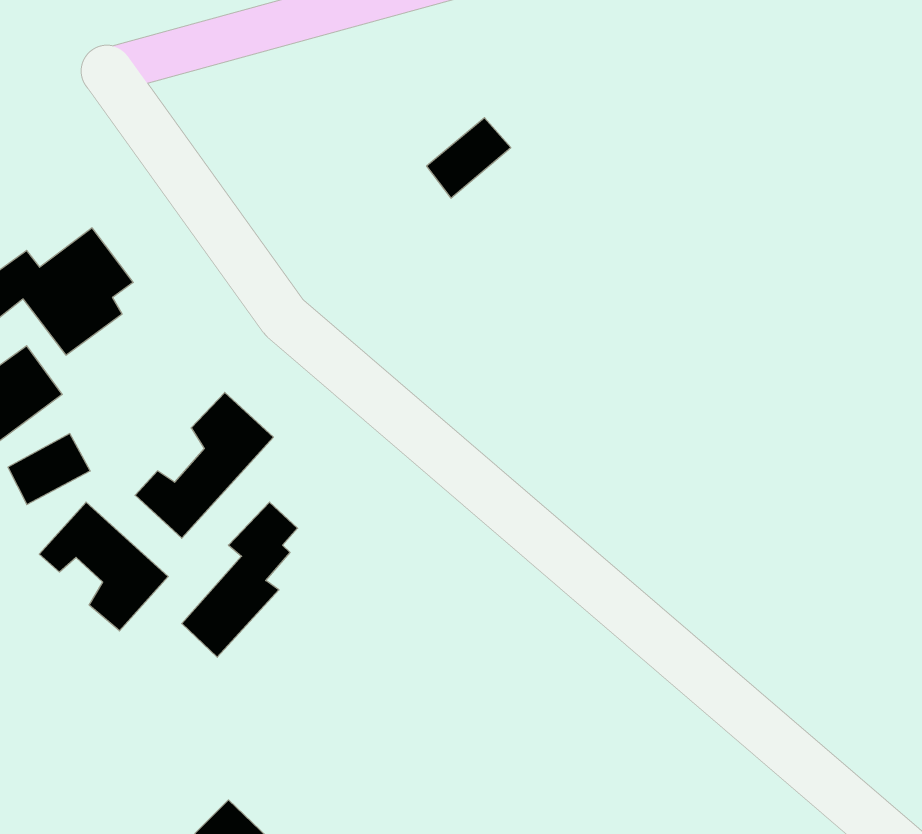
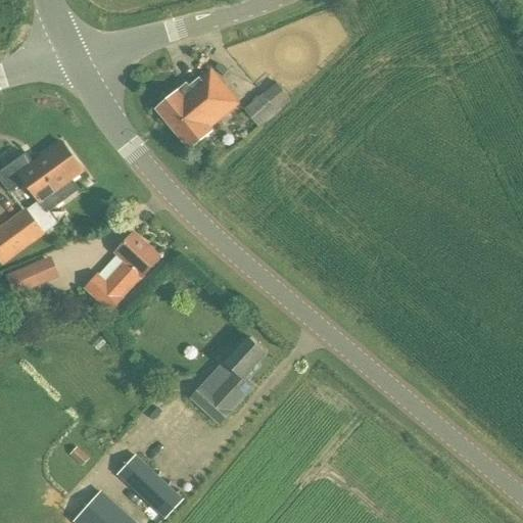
building: none -> [155,68,237,147]
building: [39,502,168,631] -> none
building: [182,502,298,657] -> [198,337,262,422]

